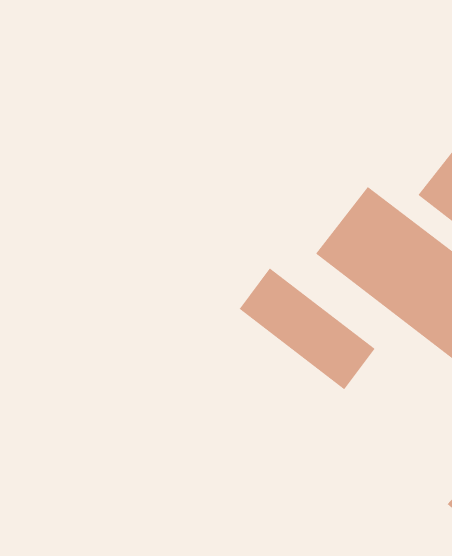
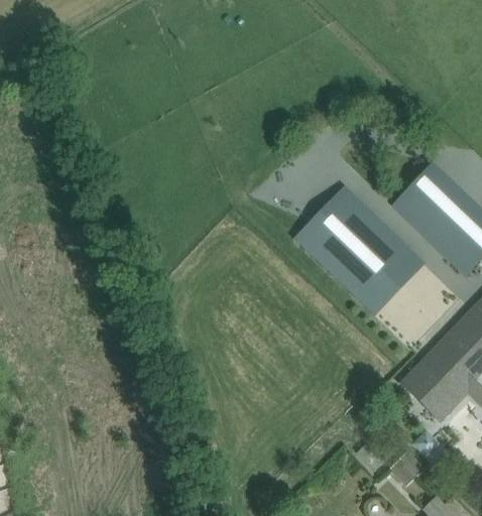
building: [239,267,375,390] -> none

